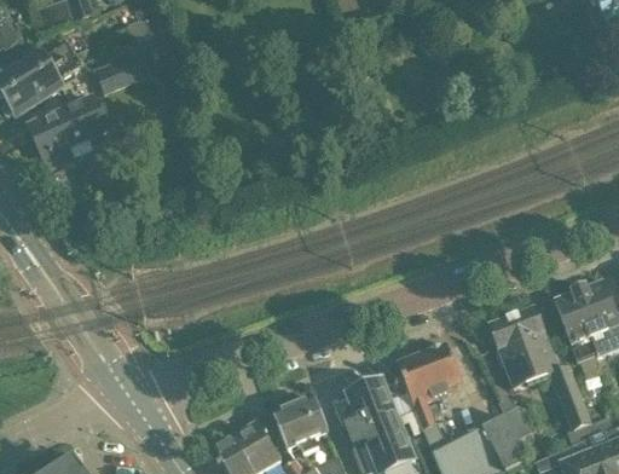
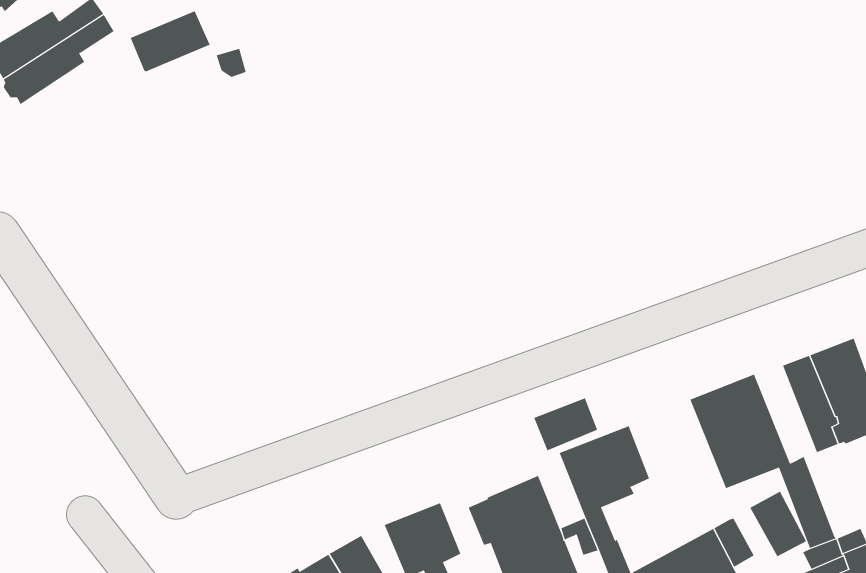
building: [29,96,109,172] -> none
building: none -> [533,397,598,451]
building: none -> [750,491,807,557]

